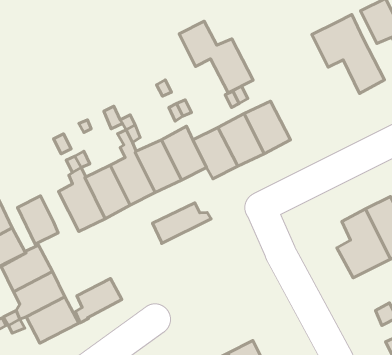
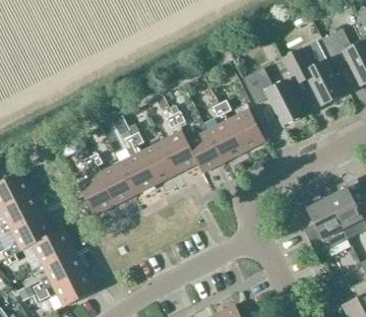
building: [179,21,253,93] -> [243,66,303,124]
building: [18,196,58,244] -> none
building: [153,203,211,244] -> none
building: [75,278,122,323] -> none

